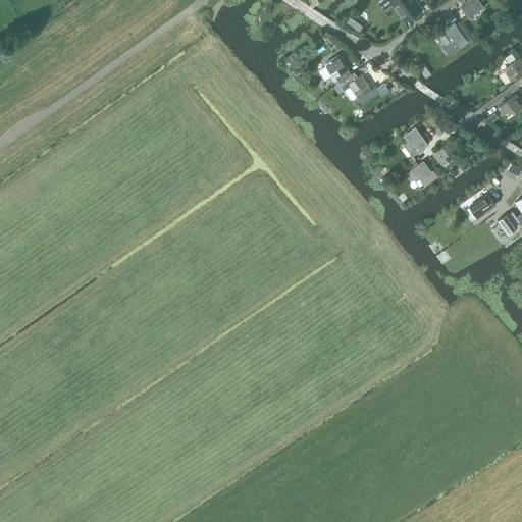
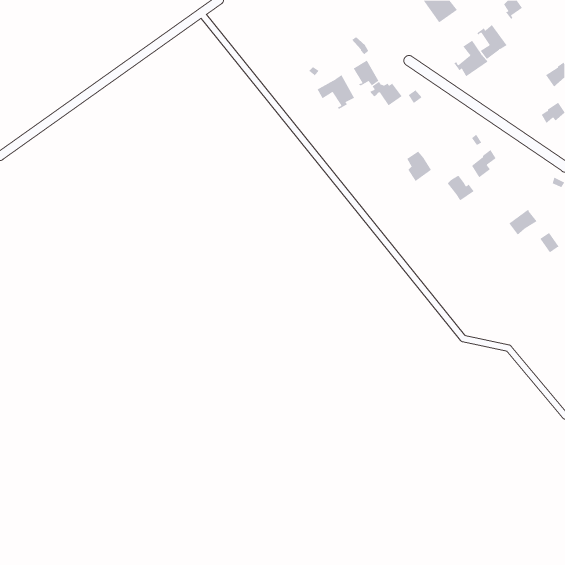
building: none -> [454,40,488,77]
building: none -> [317,74,355,110]
building: [404,127,427,156] -> [406,151,432,182]

